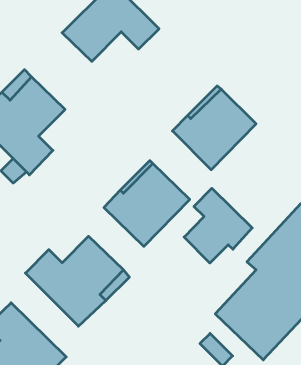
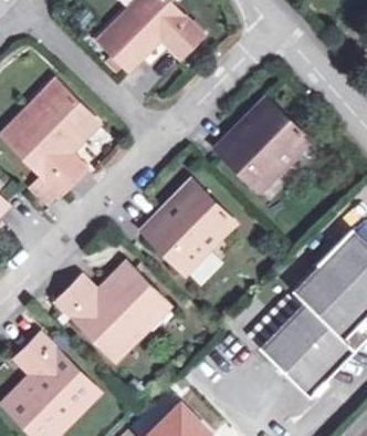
building: [184,188,252,263] -> none

